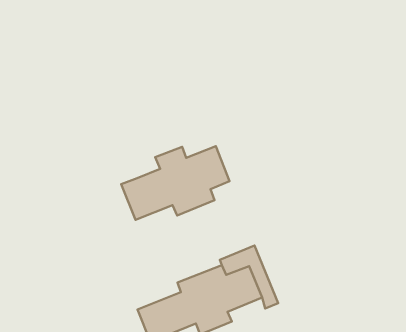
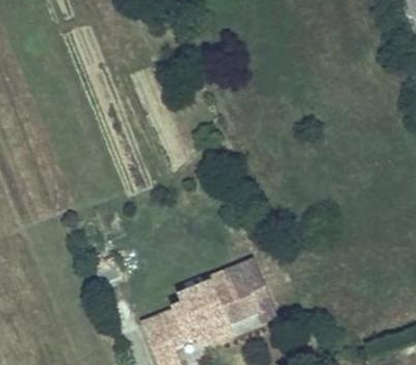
building: [121,146,229,220] -> none

